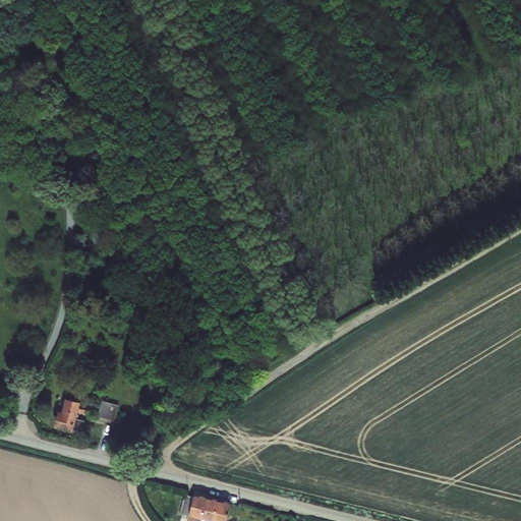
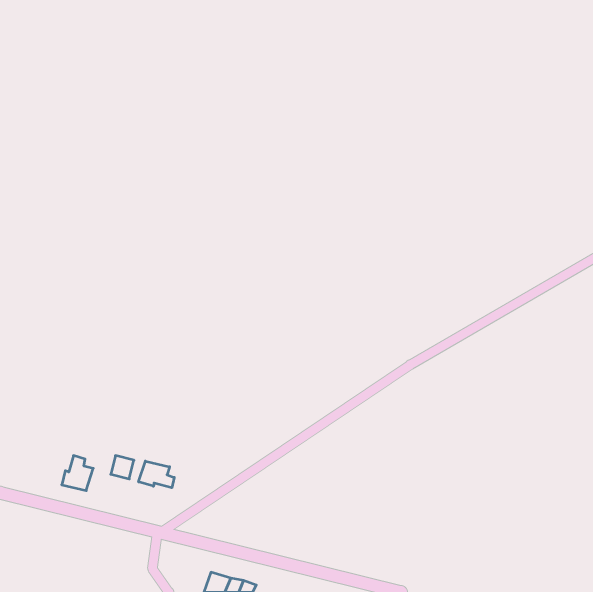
building: none -> [139,461,174,488]

